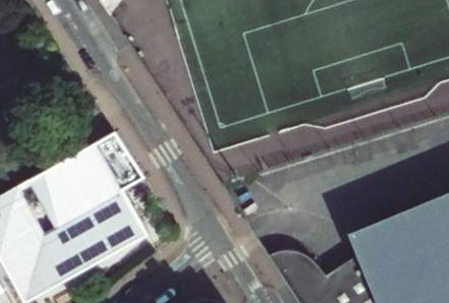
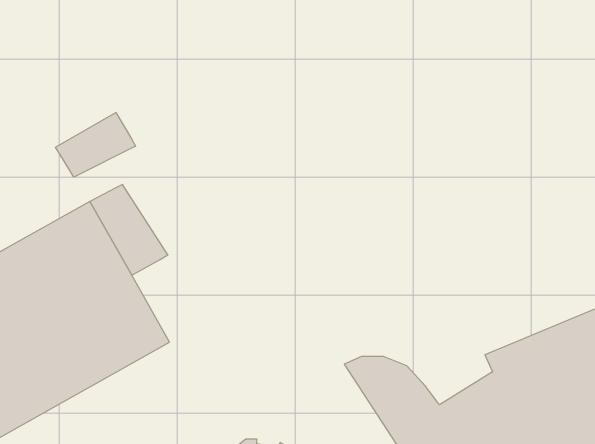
building: none -> [55,113,136,177]

